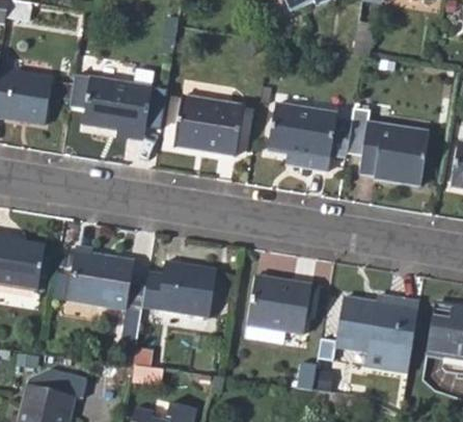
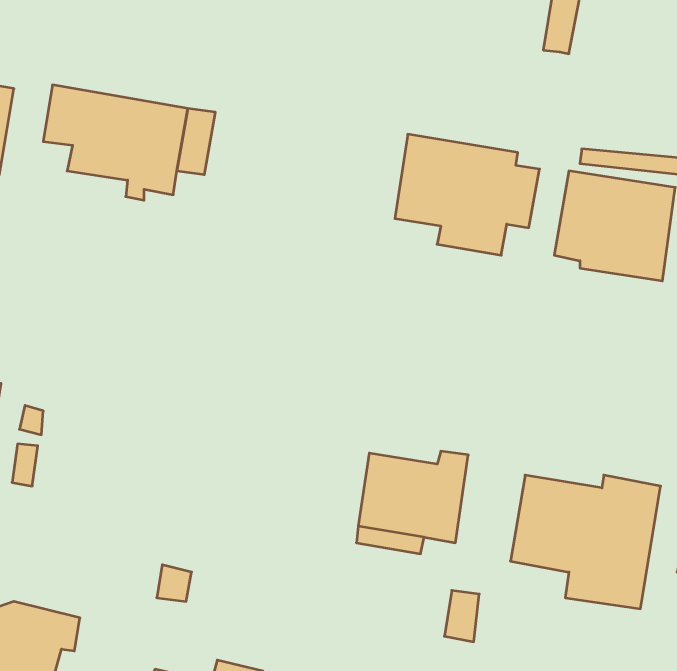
building: [173,95,242,155] -> none
building: [66,245,134,311] -> none
building: [142,260,216,317] -> none

